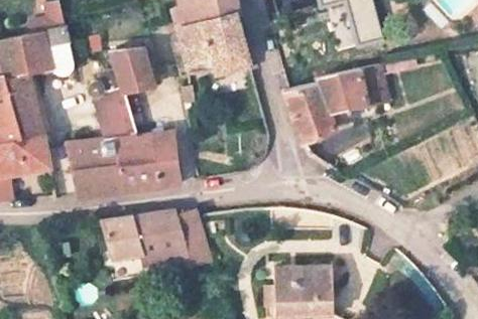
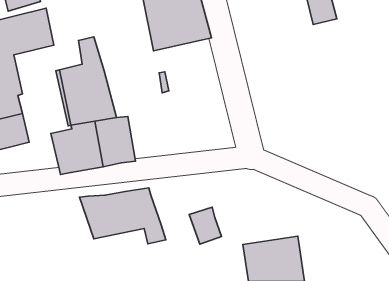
building: [118,39,155,94] -> none
building: [282,66,383,138] -> none
building: [157,138,190,189] -> none
building: [182,217,216,257] -> [189,207,222,244]

